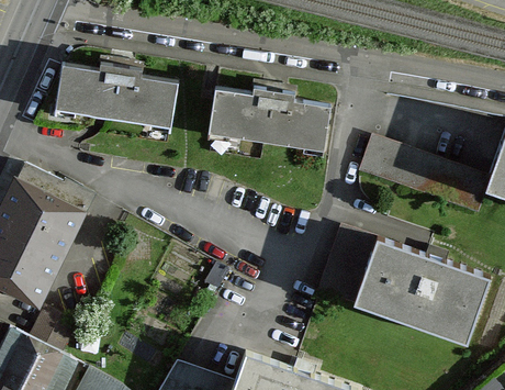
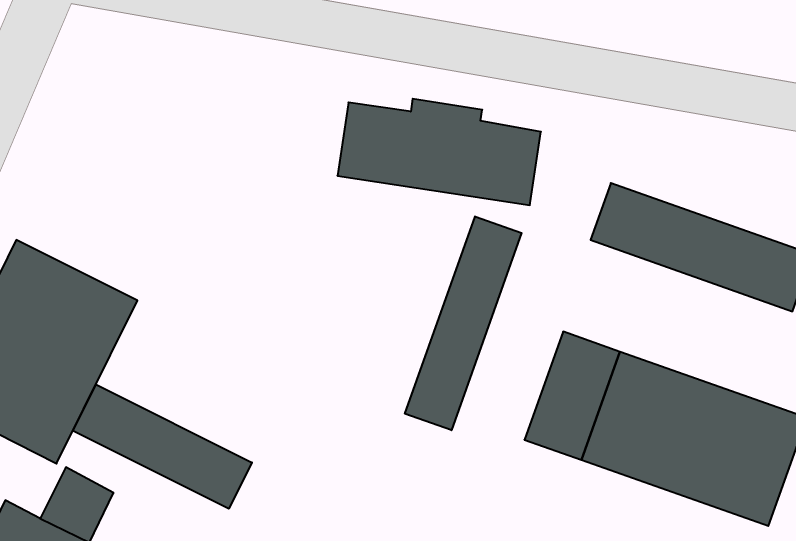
building: [55,64,178,127] -> none
building: none -> [405,216,522,430]
building: none -> [73,384,252,509]

